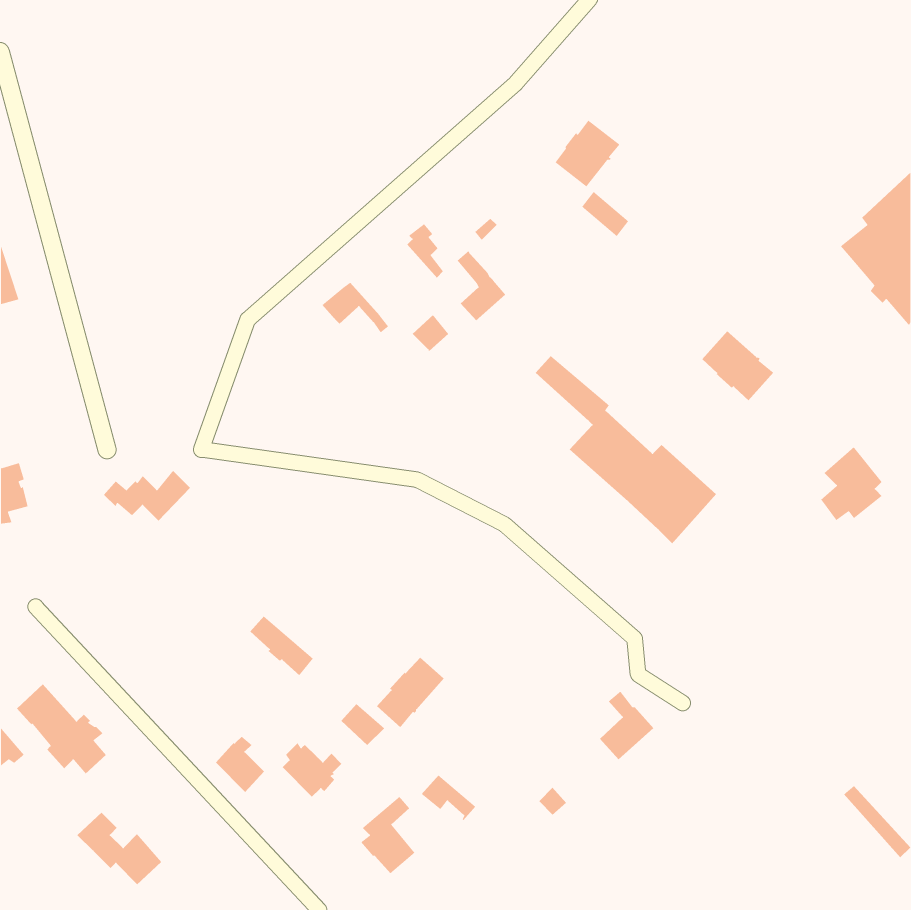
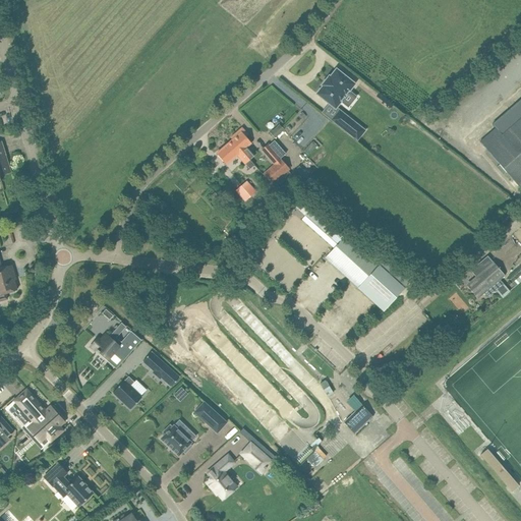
building: [322,282,389,333] -> [216,139,254,169]
building: [701,331,774,401] -> none
building: [103,470,191,522] -> [92,330,141,359]
building: [376,657,444,728] -> none
building: [215,736,265,793] -> [113,375,141,408]

